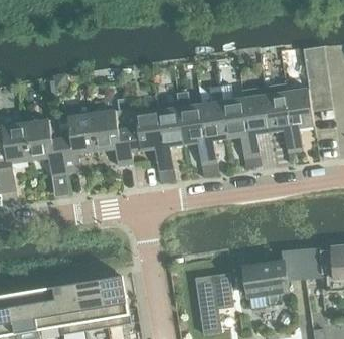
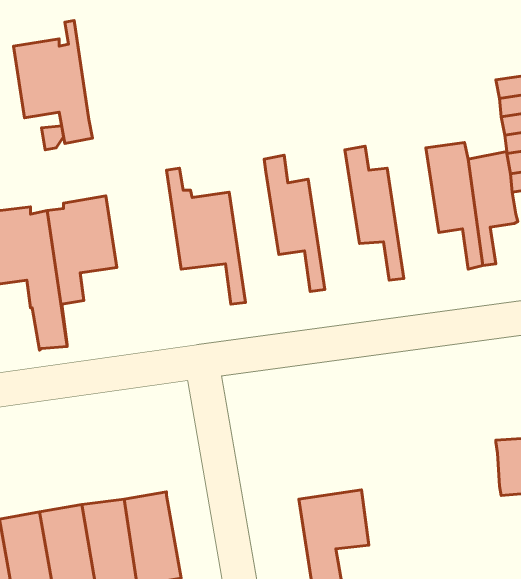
building: [242,87,272,158] -> none
building: [200,88,228,164] -> none
building: [90,99,133,166] -> [13,20,92,144]
building: [156,100,184,171] -> none
building: [233,246,306,303] -> none

